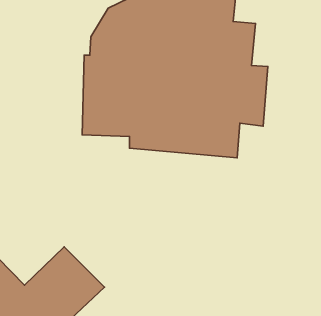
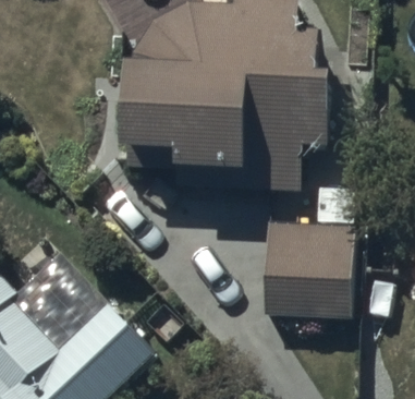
building: none -> [265,186,351,315]

